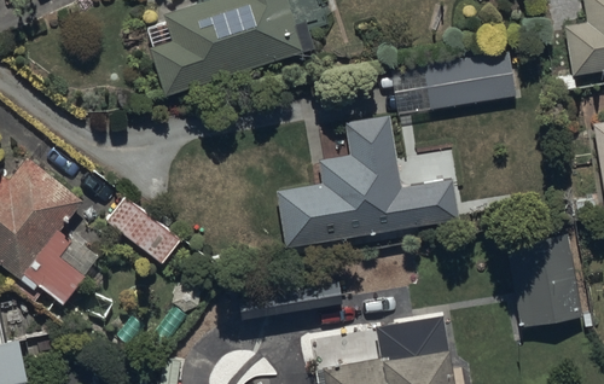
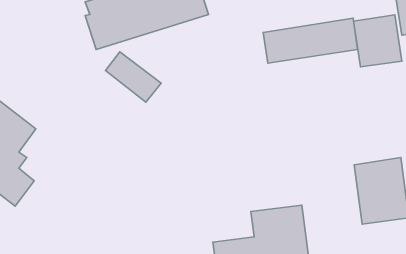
building: none -> [354,15,402,67]
building: [277,117,458,245] -> none
building: [106,193,181,261] -> [105,52,161,102]

